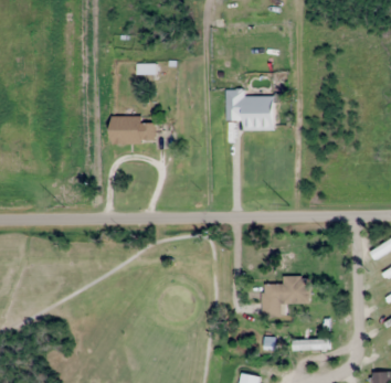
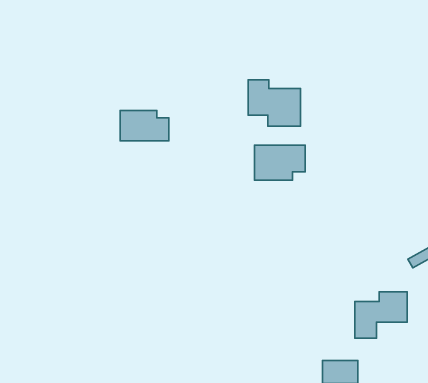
building: none -> [255,145,305,180]
building: [262,276,309,318] -> [355,292,407,338]

